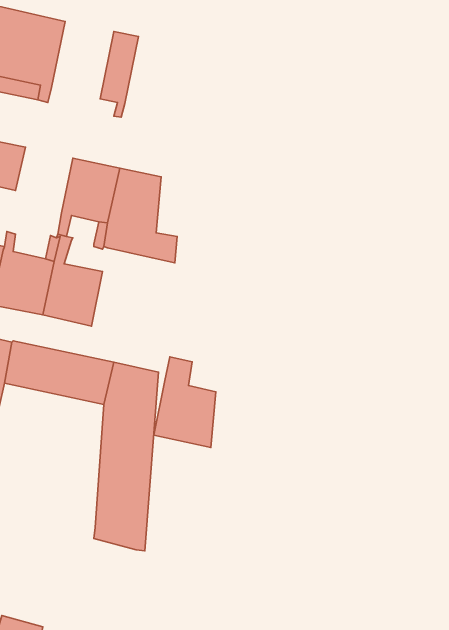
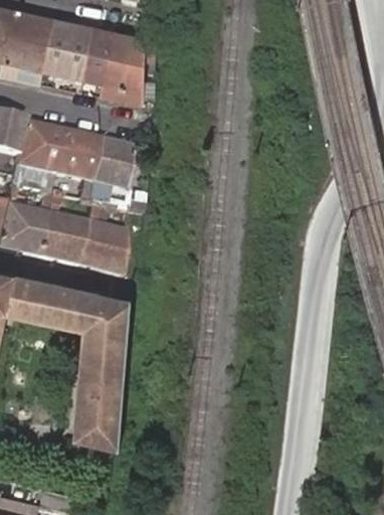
building: none -> [43,18,93,80]
building: none -> [100,30,145,106]
building: none -> [9,120,60,190]
building: [154,357,216,448] -> [75,201,126,275]

